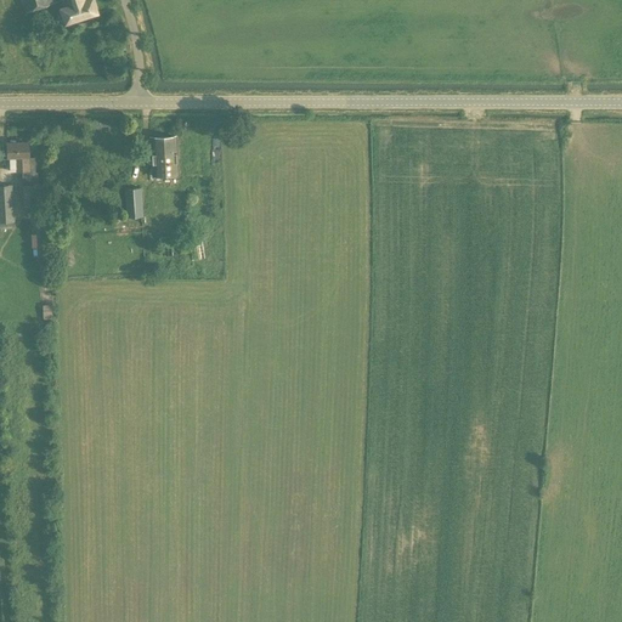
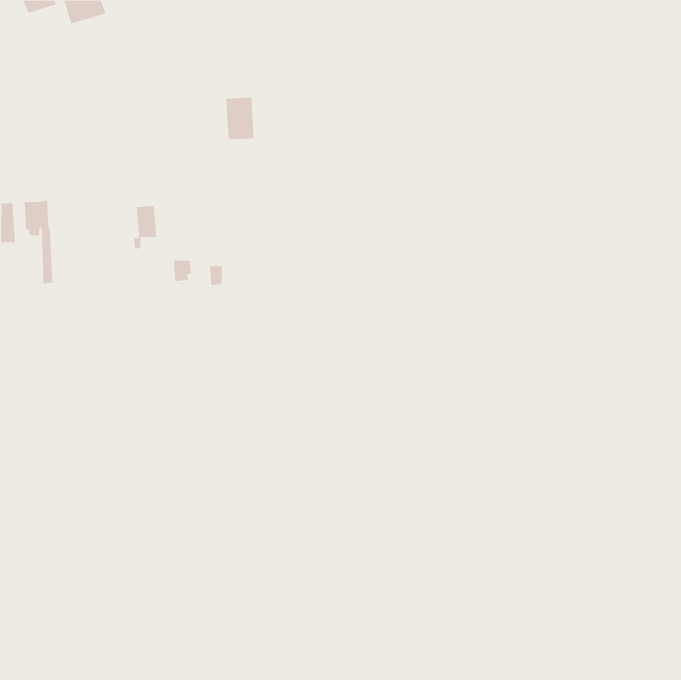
building: [151,138,177,177] -> [225,97,255,140]
building: [6,141,29,173] -> none

